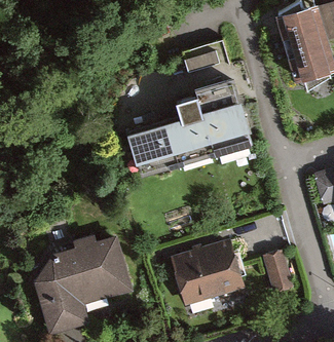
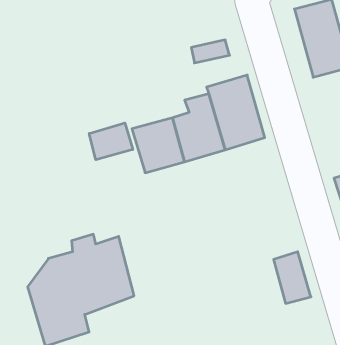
building: none -> [89,123,133,160]
building: [170,233,245,303] -> none

